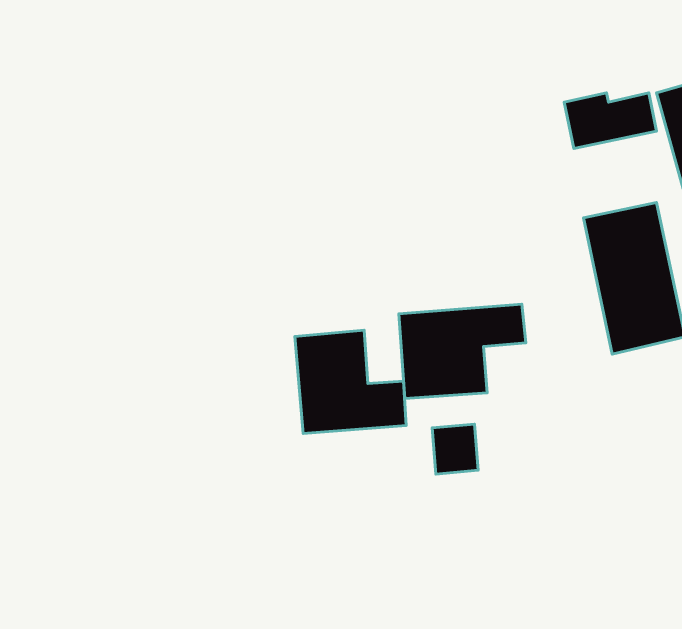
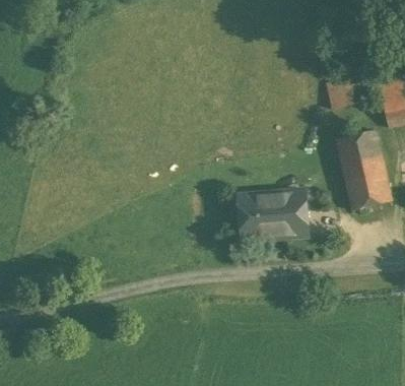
building: [295,330,406,434] -> none
building: [432,424,478,474] -> [283,208,308,235]

